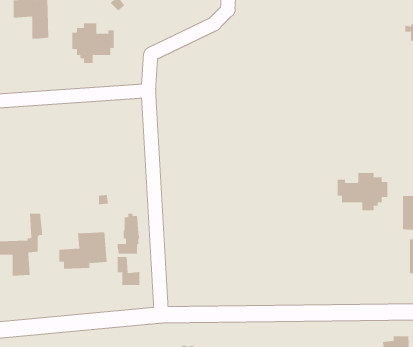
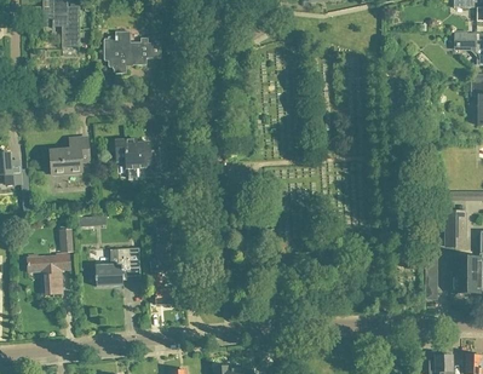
building: none -> [51,137,90,172]
building: none -> [115,138,161,173]
building: [337,172,388,211] -> none

